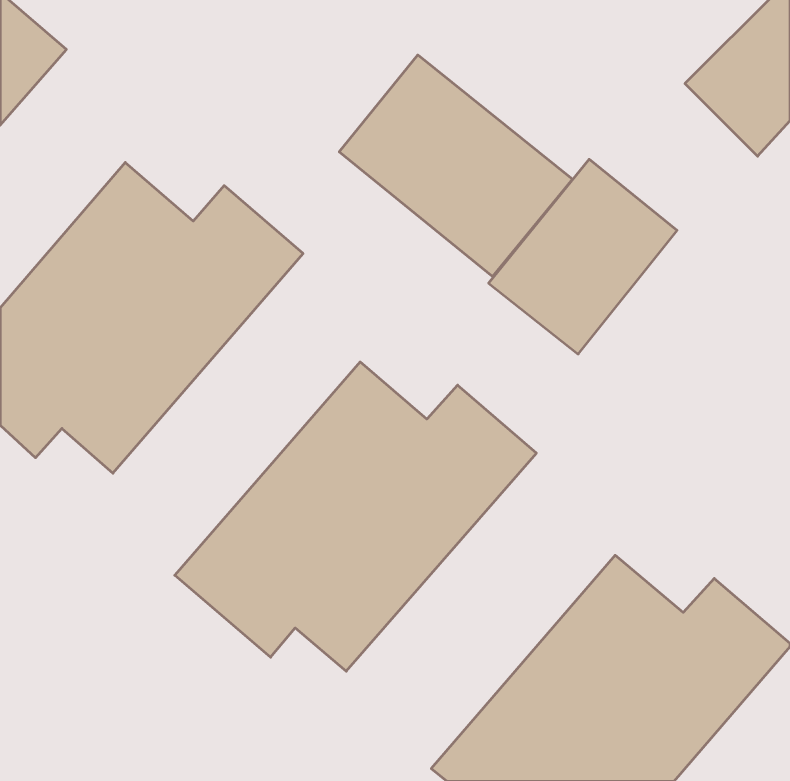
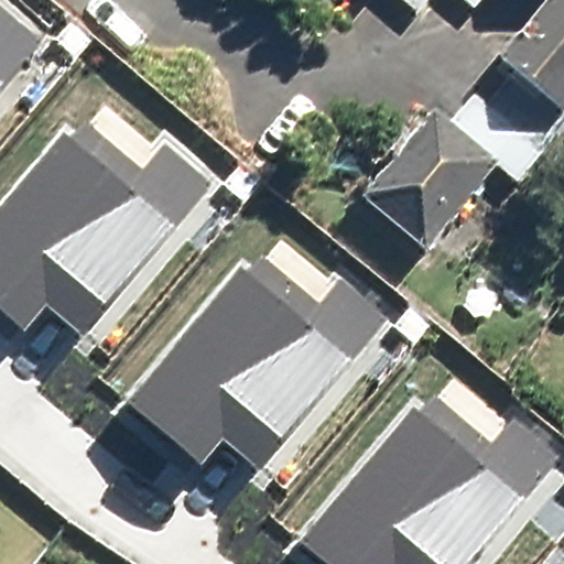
building: [339,55,572,276] -> none

